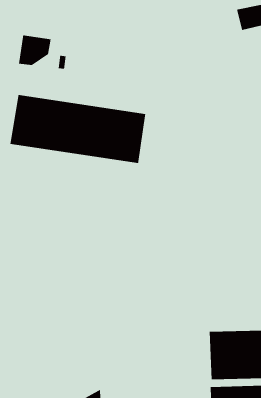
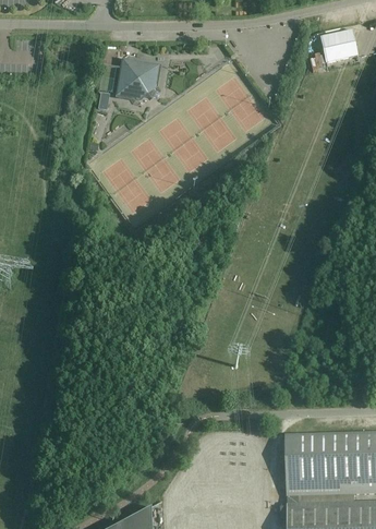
building: [18,35,52,66] -> [117,58,158,96]
building: [10,94,146,164] -> none

